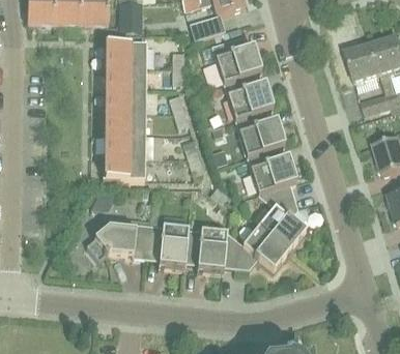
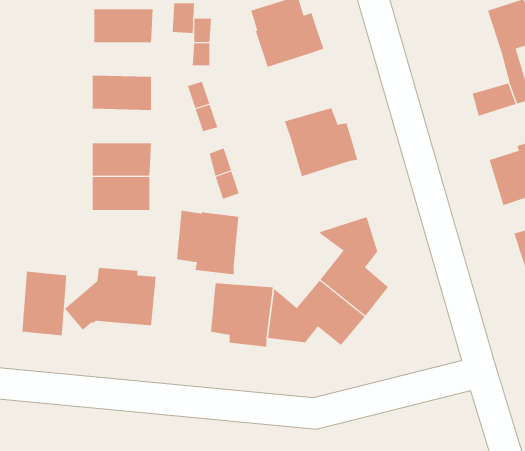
building: [345,43,380,81] -> none
building: [105,65,145,88] -> none
building: [223,71,273,119] -> none
building: [105,110,145,132] -> none
building: [247,145,295,193] -> none
building: none -> [22,271,67,336]
building: [145,223,188,266] -> [176,210,239,275]

